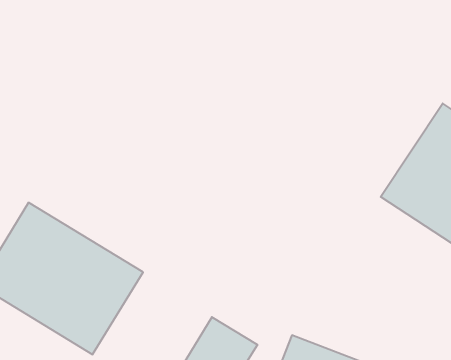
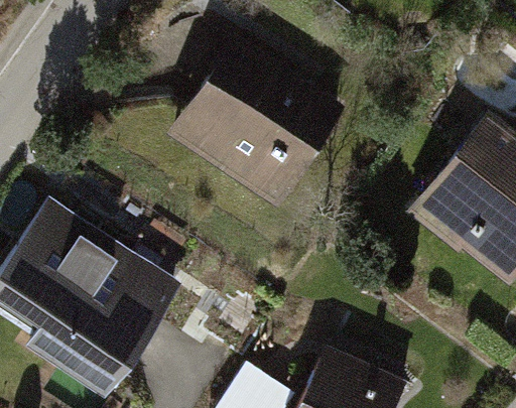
building: none -> [178,53,336,201]

